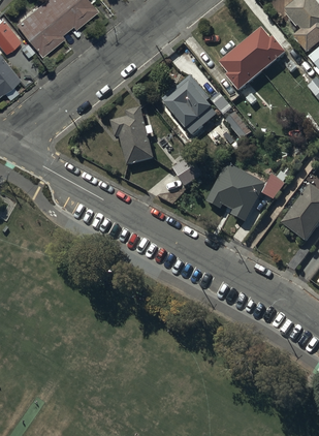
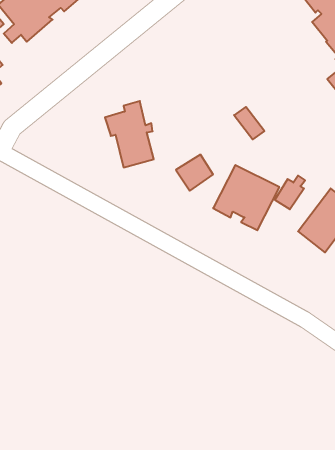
building: [219,27,287,105] -> none
building: [162,74,219,136] -> none

